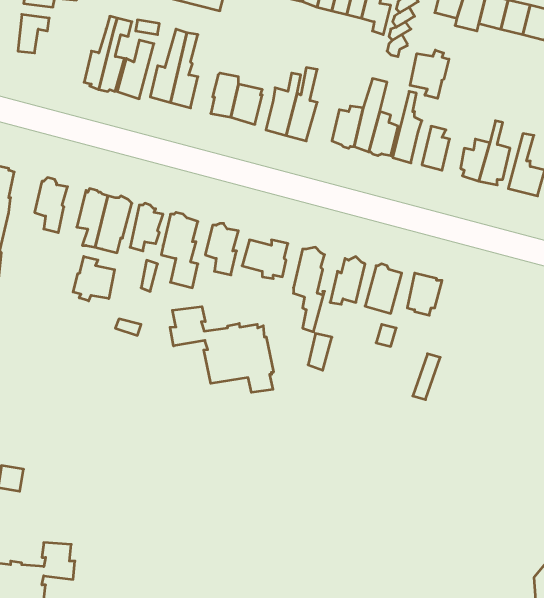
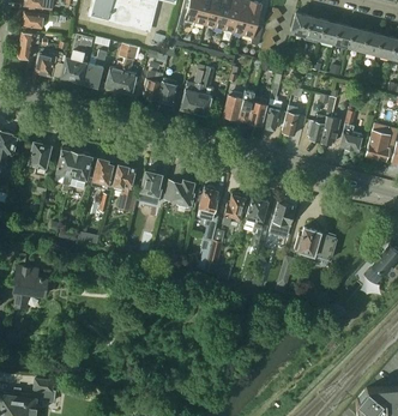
building: none -> [36,52,64,78]
building: [410,50,449,98] -> none
building: [73,256,115,301] -> none
building: [170,307,273,392] -> none
building: none -> [295,228,337,261]
building: none -> [14,266,48,307]

